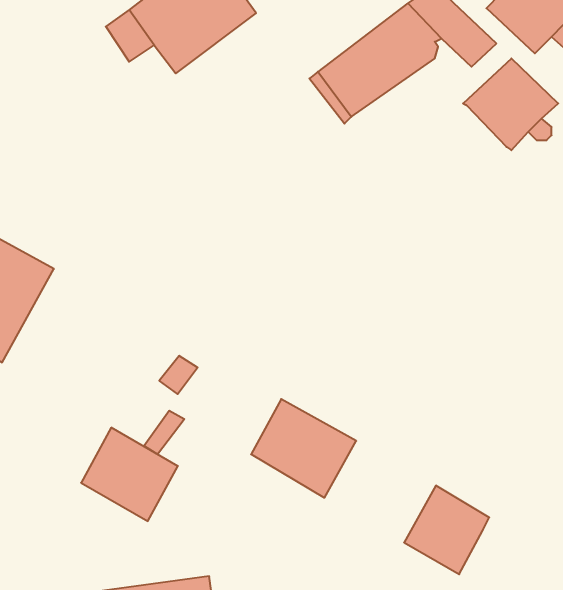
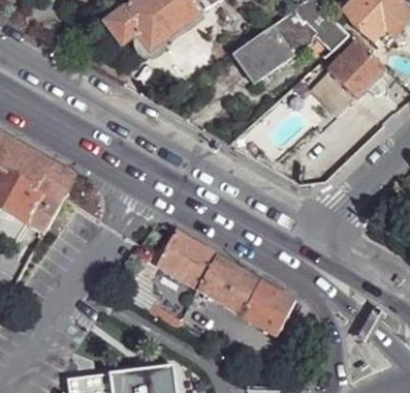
building: none -> [312,71,354,114]
building: [81,428,178,521] -> [155,230,215,288]
building: [404,486,489,574] -> [242,279,294,334]

